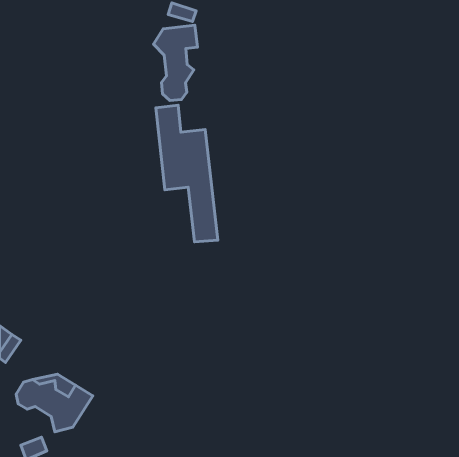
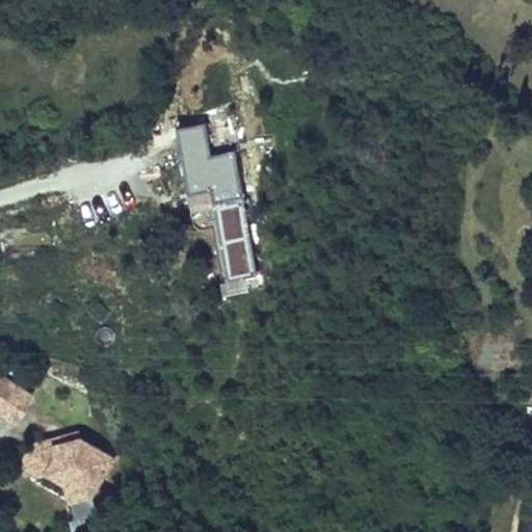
building: [153,25,198,101] -> none

